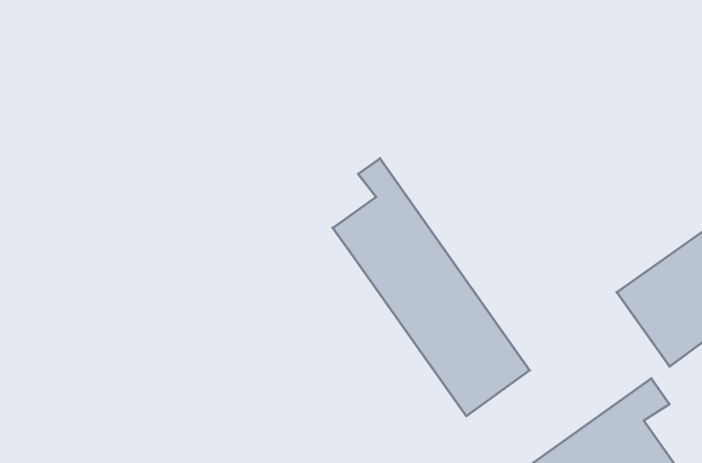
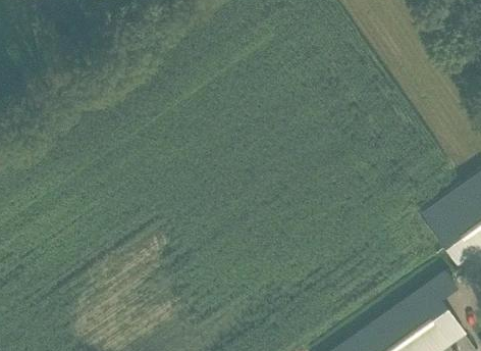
building: [333,158,530,416] -> none

